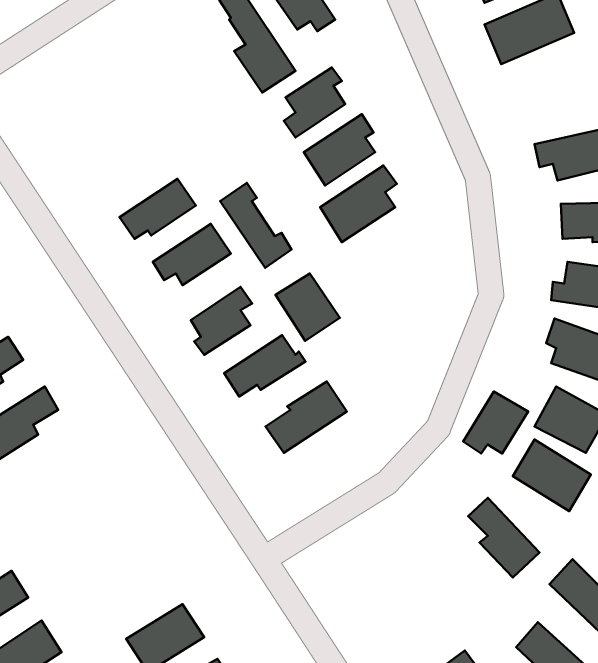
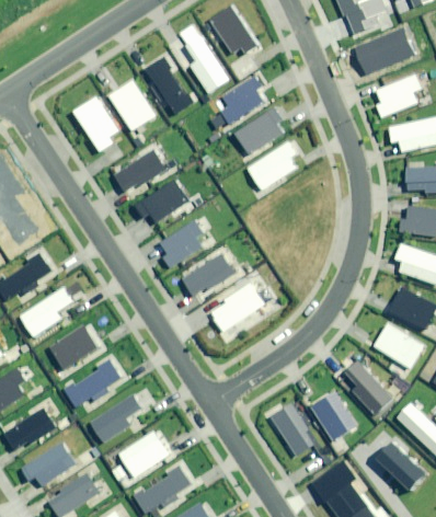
building: none -> [376,73,421,116]
building: none -> [107,79,154,130]
building: none -> [73,95,119,150]
building: [220,183,292,268] -> [147,57,194,113]
building: [276,274,340,341] -> none
building: [463,391,528,454] -> none
building: none -> [51,328,97,368]
building: none -> [64,360,119,406]
building: none -> [311,391,356,440]
building: none -> [91,395,140,440]
building: none -> [272,404,314,456]

